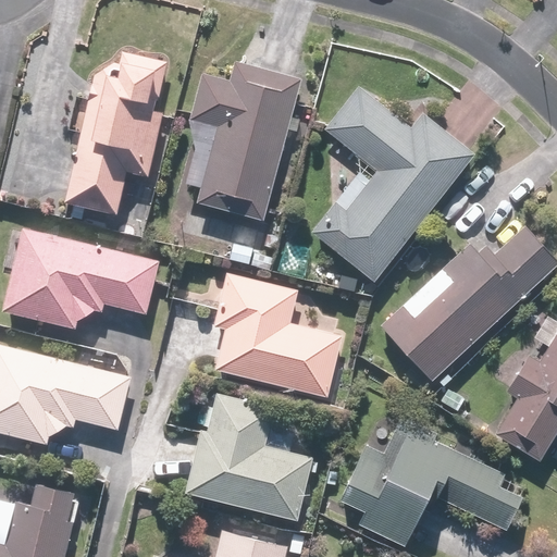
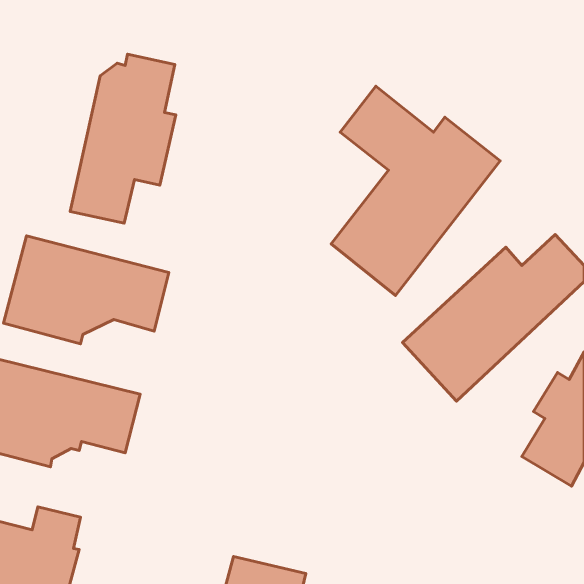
building: [186,64,299,221] -> none
building: [212,272,344,399] -> none
building: [185,392,315,520] -> none
building: [338,422,523,549] -> none

